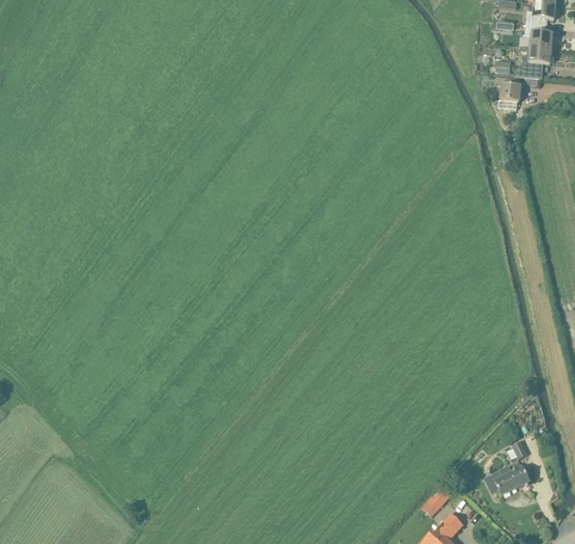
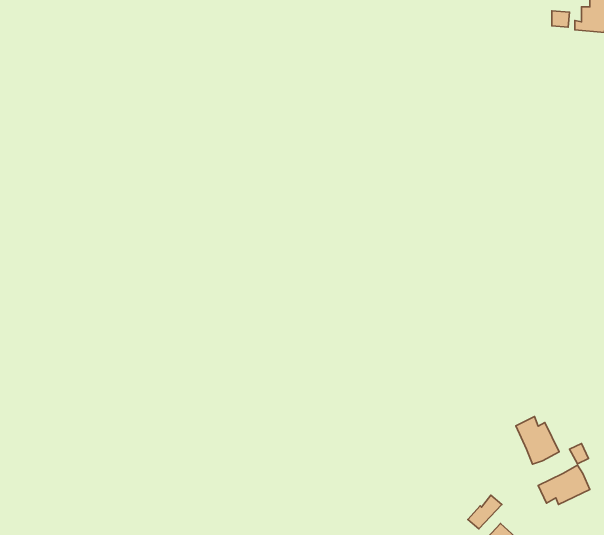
building: [496,76,521,109] -> none
building: none -> [516,417,559,464]

